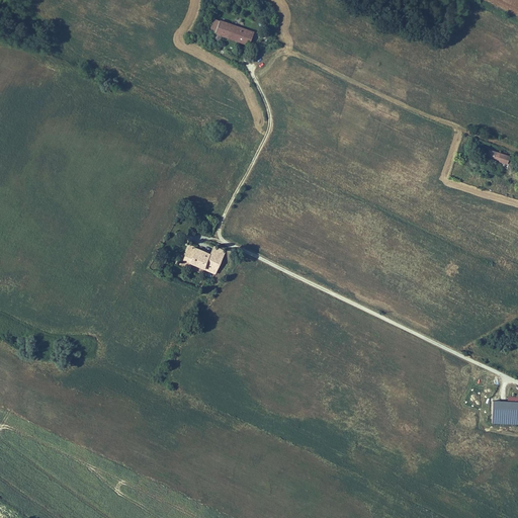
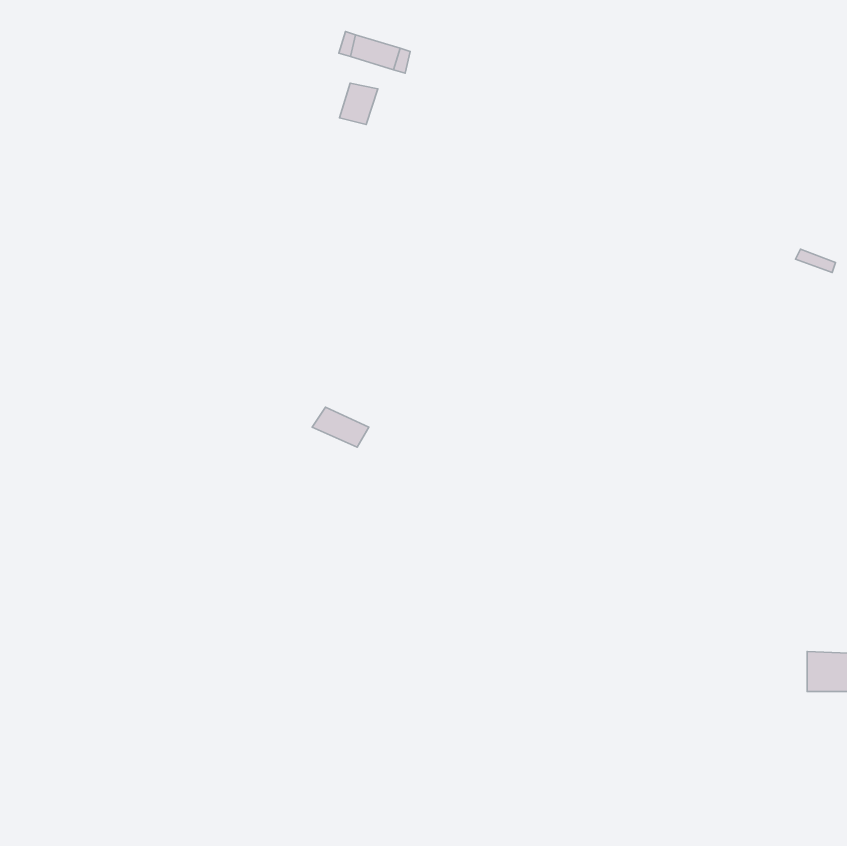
building: none -> [339,83,378,124]

